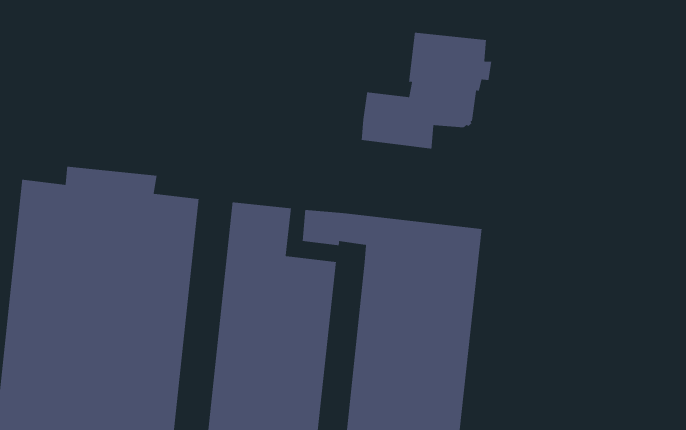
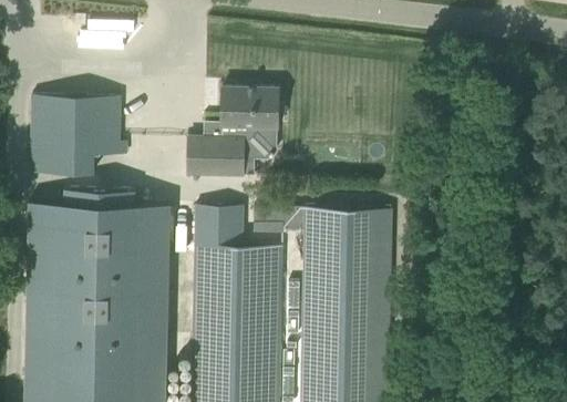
building: [361,32,492,150] -> [187,87,285,178]
building: none -> [30,96,120,175]

